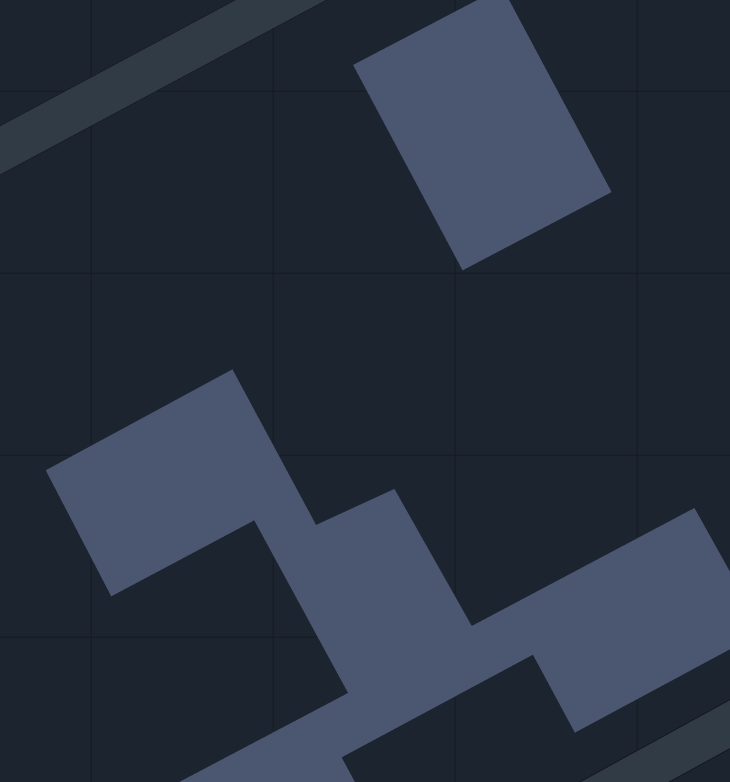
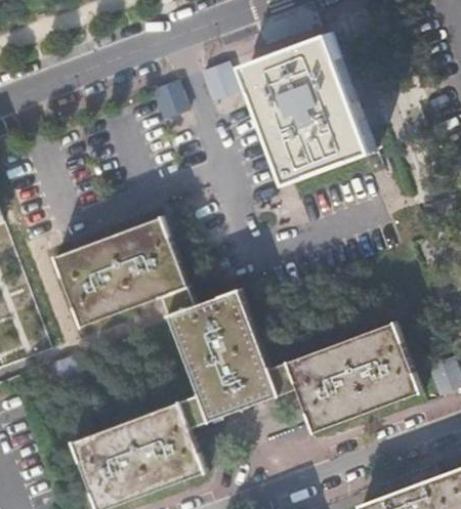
building: none -> [200,60,236,98]
building: none -> [150,78,187,118]

